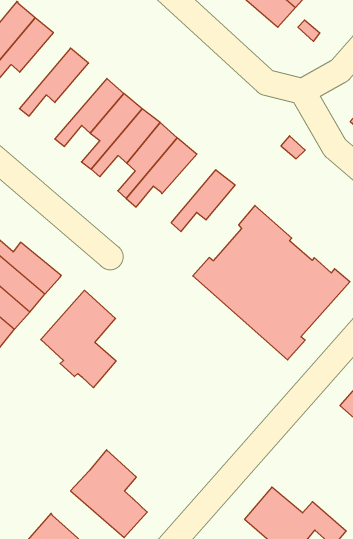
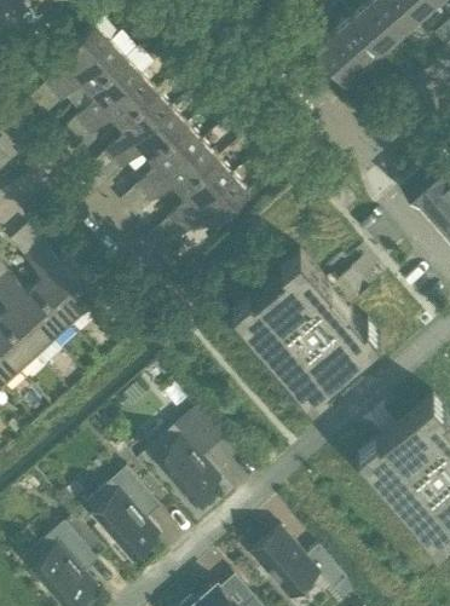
building: none -> [77,59,142,128]
building: none -> [108,93,173,162]
building: [171,170,235,232] -> none
building: [41,290,116,388] -> [149,408,224,503]

